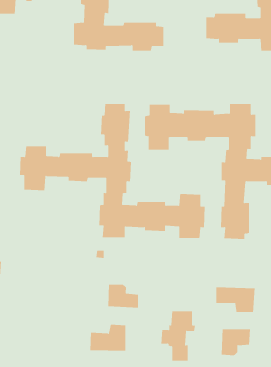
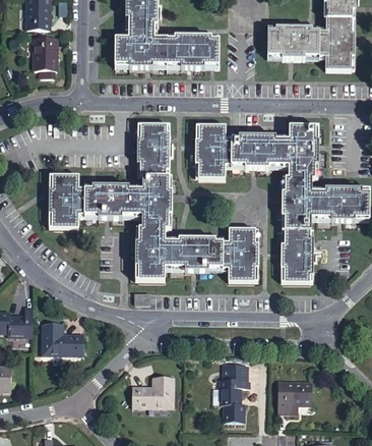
building: none -> [34,36,57,66]
building: none -> [40,324,81,354]
building: [108,284,139,309] -> none
building: [216,286,255,313] -> none

